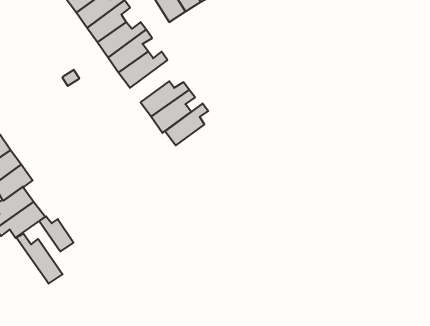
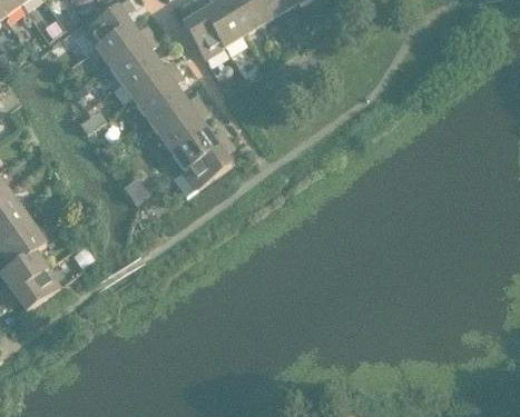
building: [165,103,208,145] -> [158,103,208,152]
building: [39,216,73,251] -> none
building: [16,234,63,284] -> none

